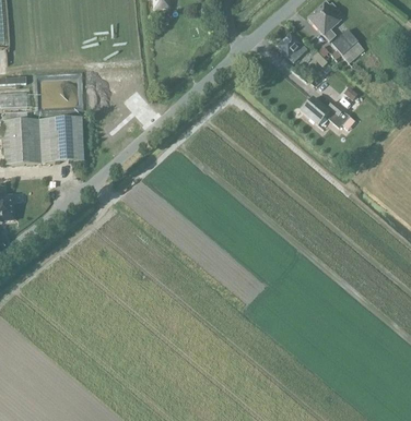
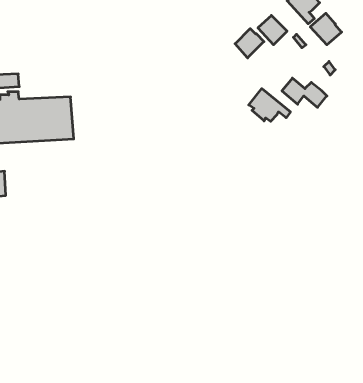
building: none -> [235,29,264,58]
building: none -> [249,89,290,121]

